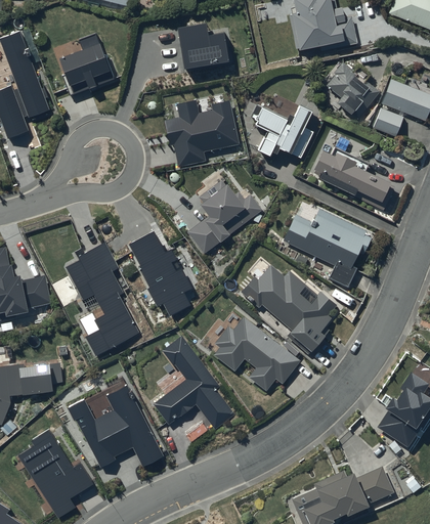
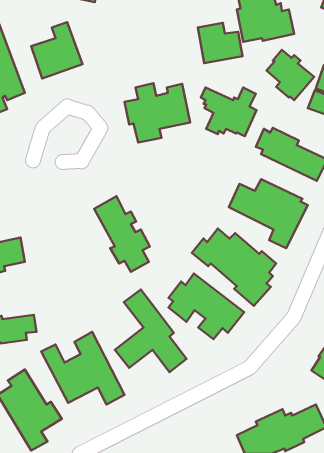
building: [177,19,228,66] -> [198,23,243,63]
building: [187,180,262,254] -> none
building: [66,242,139,357] -> none

